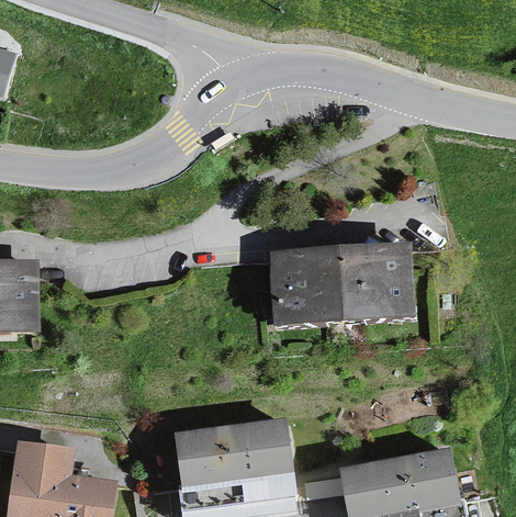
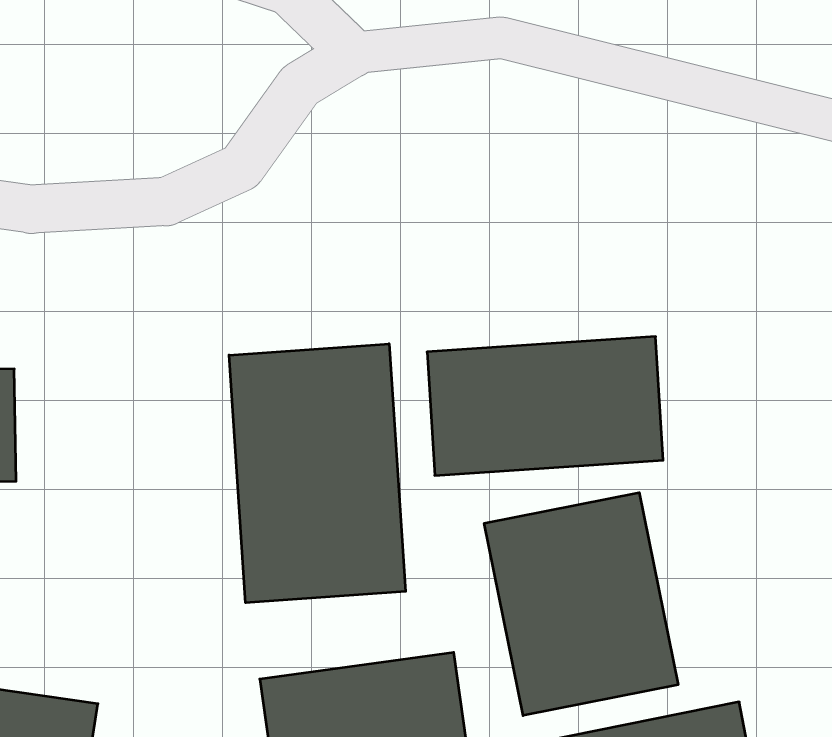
building: none -> [229,344,406,603]
building: none -> [484,493,678,716]

